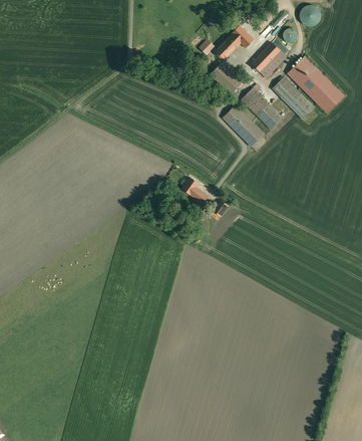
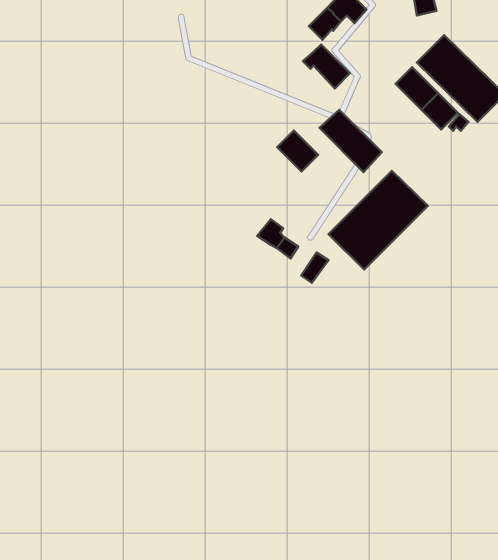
building: [252,42,286,72] -> none
building: [242,88,269,116] -> [277,130,318,171]
building: none -> [328,171,428,269]

